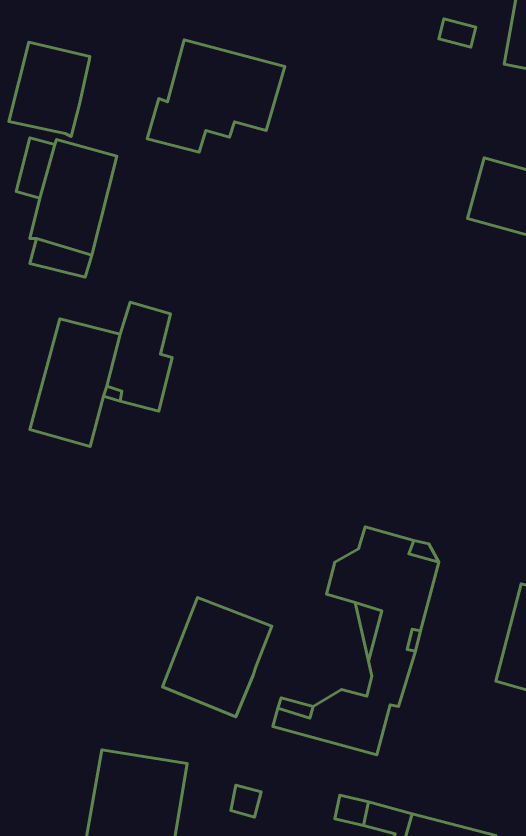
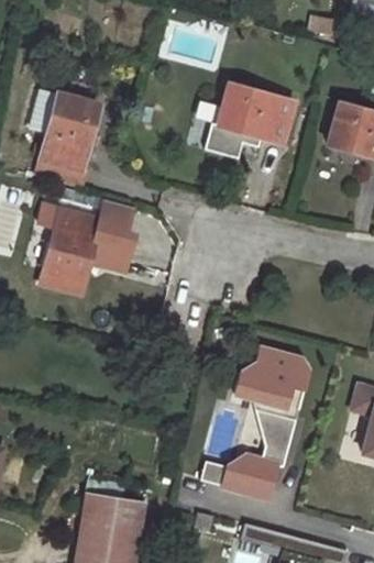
building: [147,40,285,152] -> [205,84,295,157]
building: [9,42,90,136] -> none
building: [163,597,272,717] -> none

